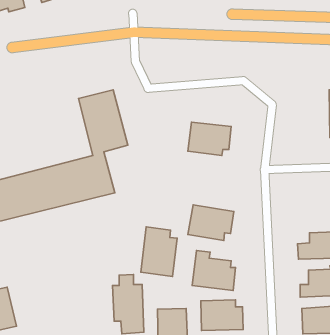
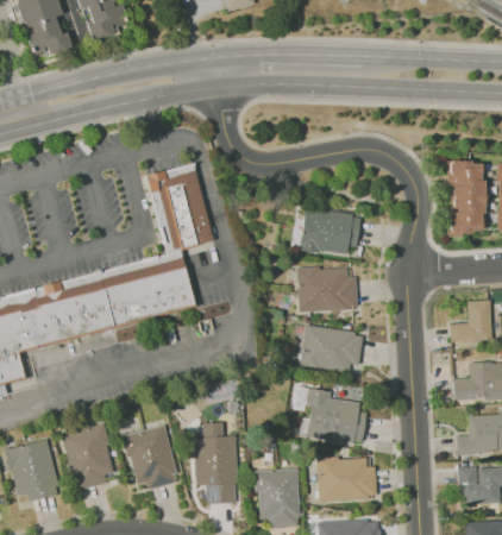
building: none -> [448,160,484,233]
building: none -> [297,266,358,310]
building: none -> [451,300,491,341]
building: [141,227,177,276] -> none
building: none -> [63,423,114,490]
building: none -> [124,424,177,489]

